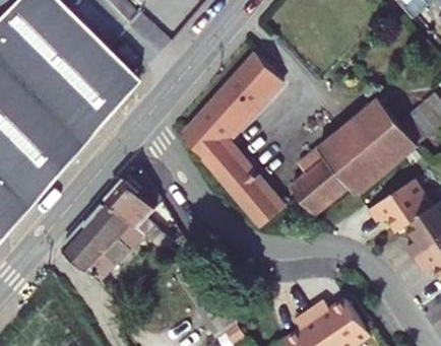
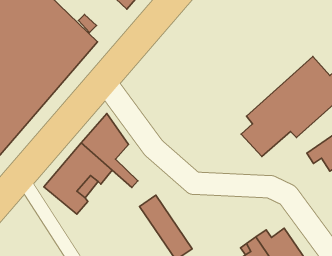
building: [191,55,290,225] -> none

